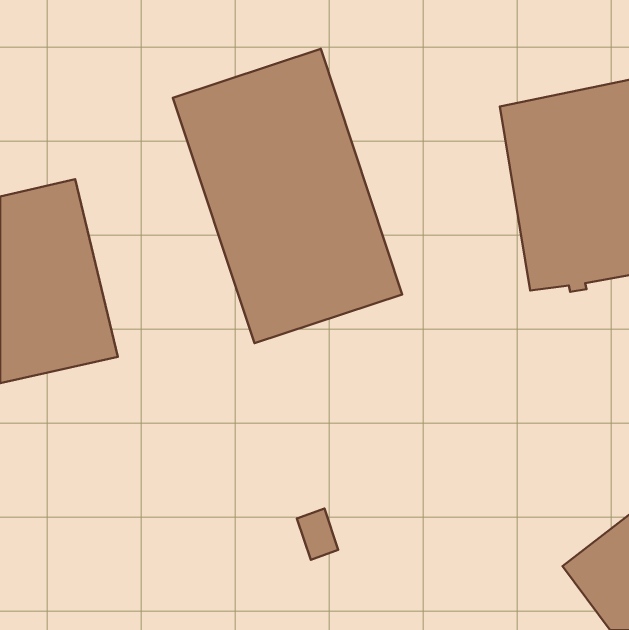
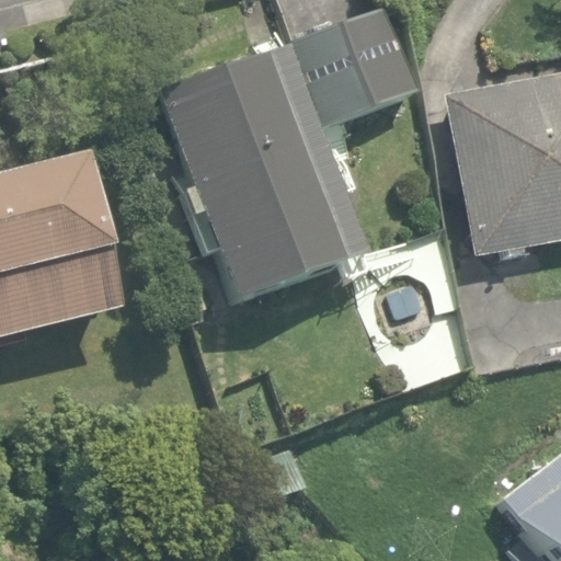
building: none -> [294,8,412,125]

